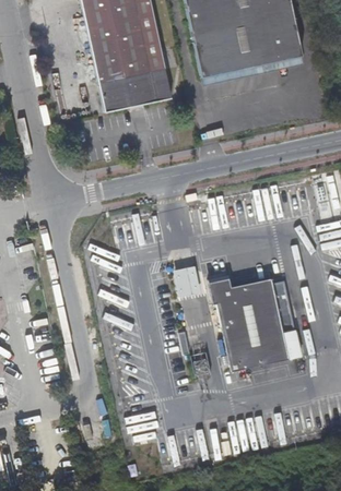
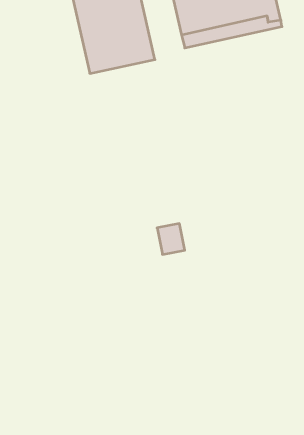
building: [207,273,286,370] -> none

